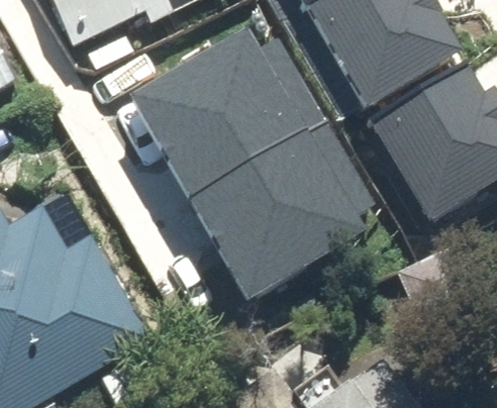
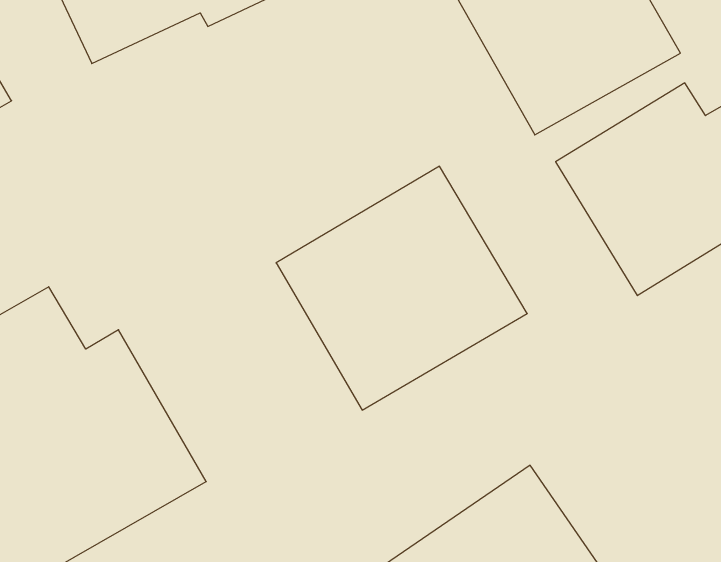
building: [131,29,301,193] -> none

